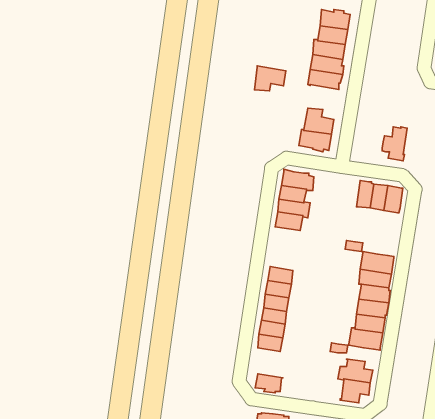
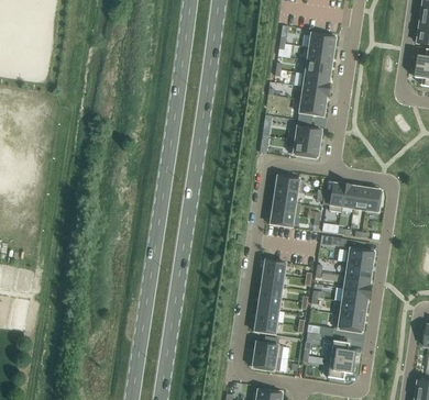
building: [255,66,286,91] -> [298,99,326,121]
building: [382,127,407,161] -> [322,182,344,212]
building: none -> [254,336,283,358]

